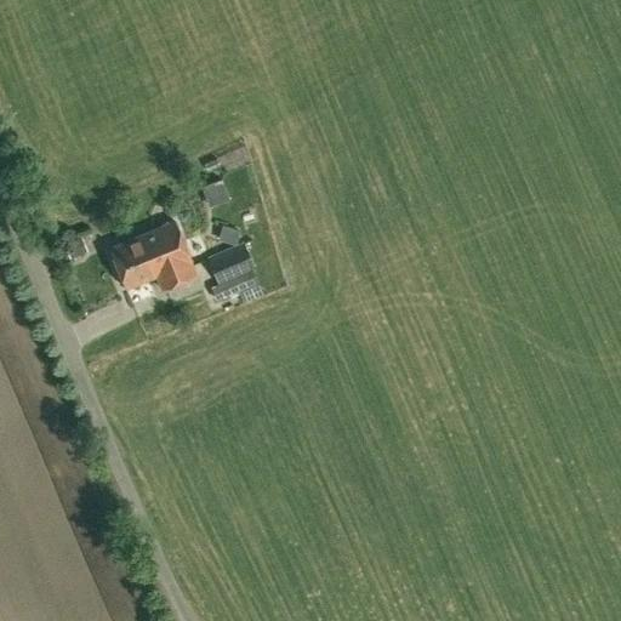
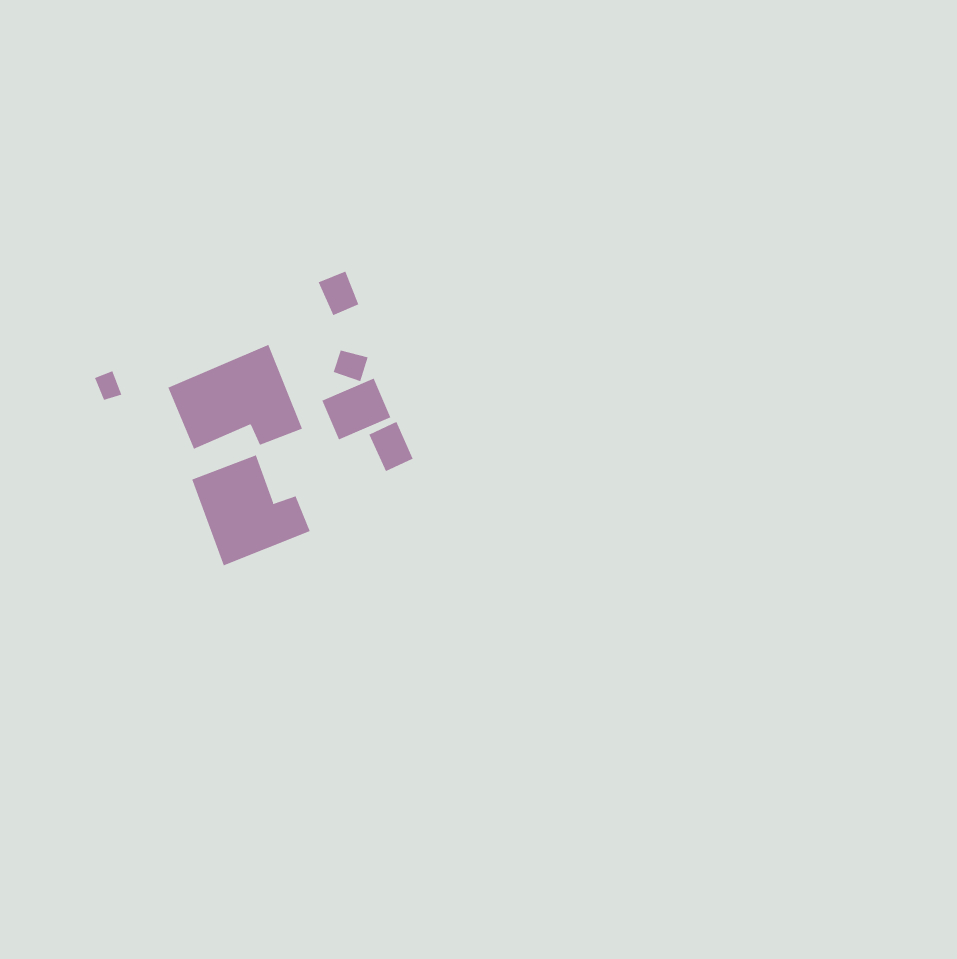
building: none -> [191,455,311,566]

